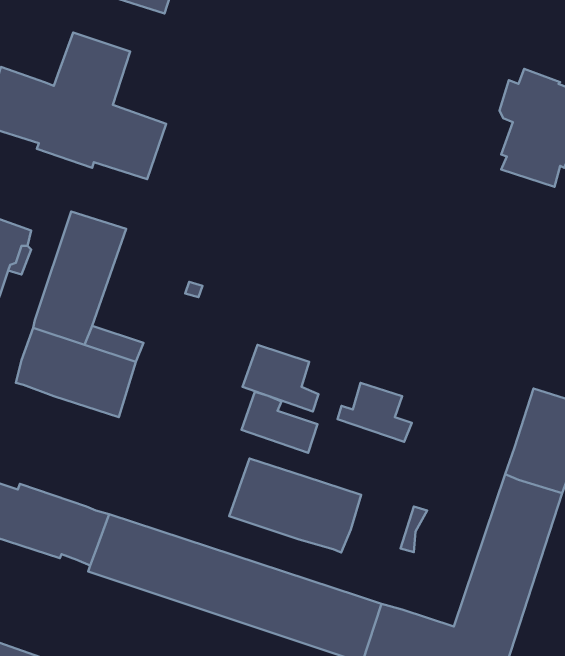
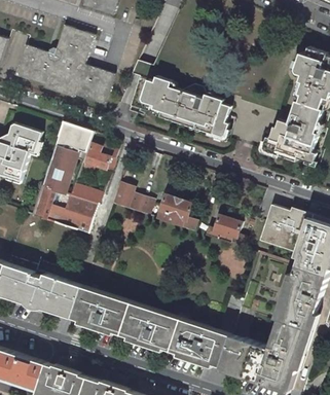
building: none -> [139,76,229,138]
building: none -> [260,101,323,165]
building: none -> [84,144,113,172]
building: none -> [260,206,311,251]
building: [241,392,318,453] -> [111,183,152,216]
building: [229,458,361,553] -> none

